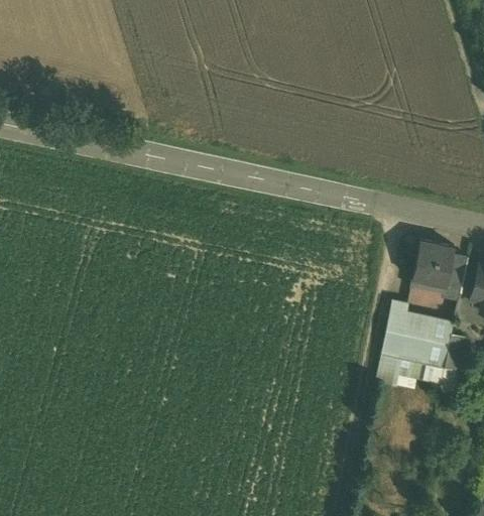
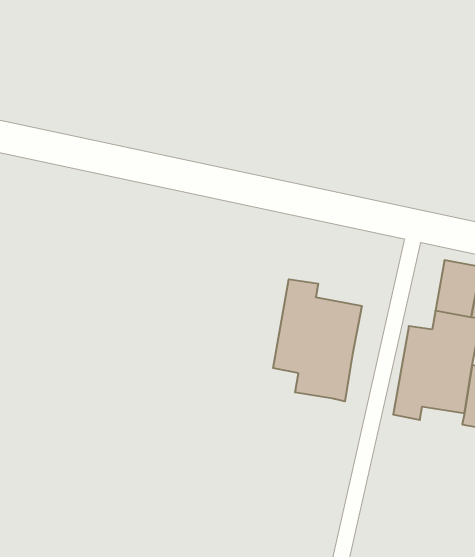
building: none -> [273,279,362,401]

